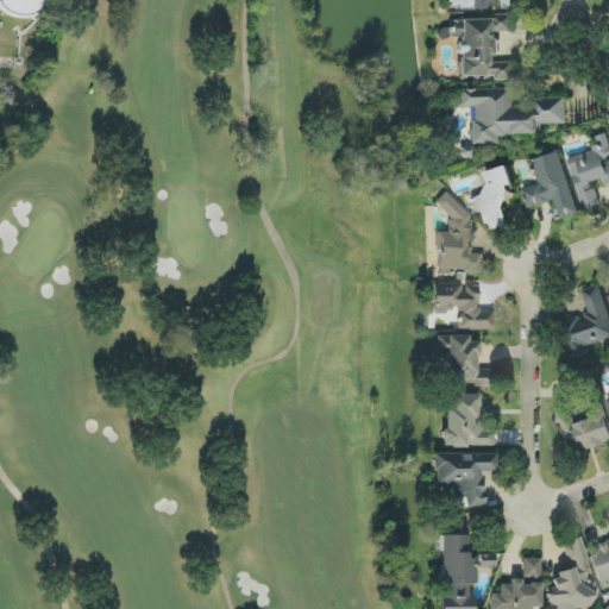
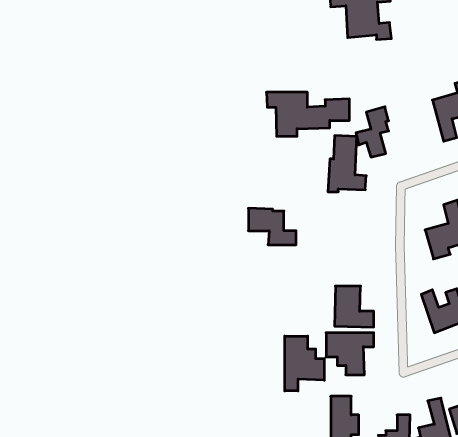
building: [462,88,567,144] -> [266,92,349,136]
building: [525,151,579,218] -> none
building: [433,282,494,328] -> [248,208,296,245]
building: [440,334,494,384] -> none
building: none -> [285,336,324,391]

